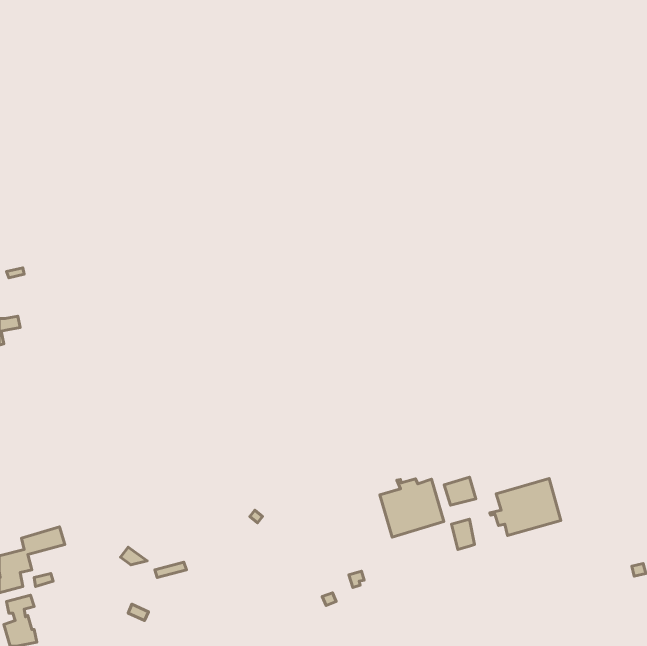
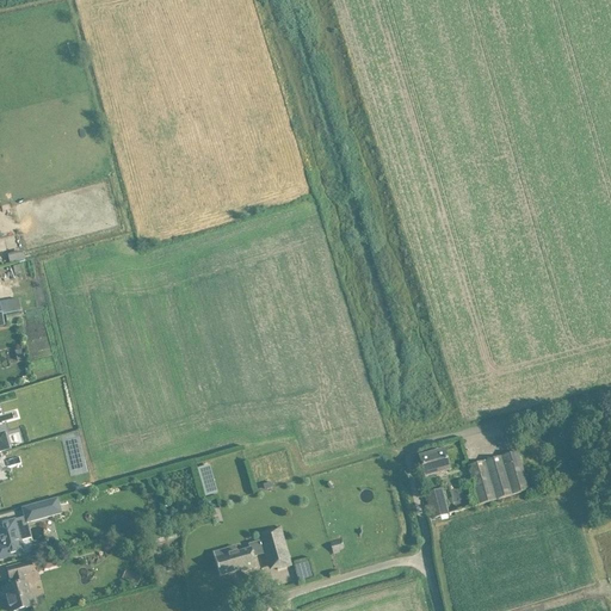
building: [380,479,444,537] -> none
building: none -> [258,526,290,568]
building: none -> [211,547,255,574]

